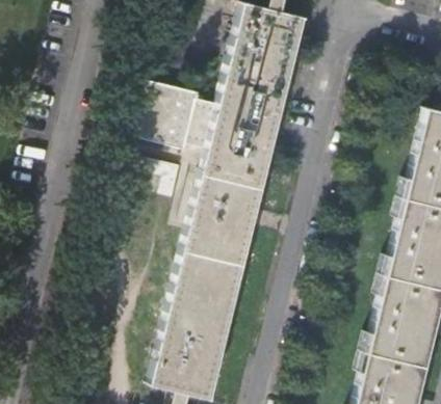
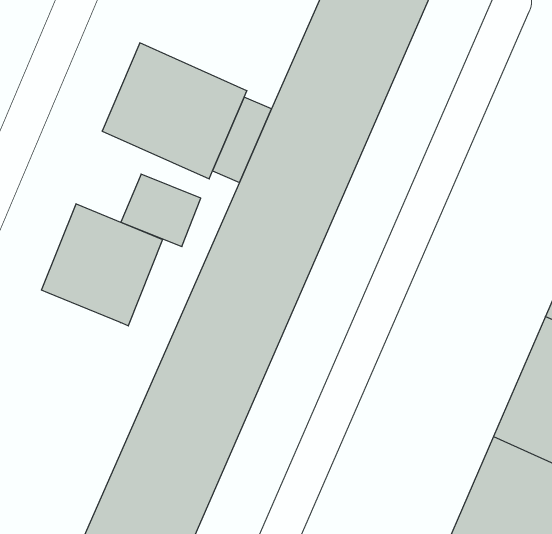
building: none -> [42,204,163,326]

